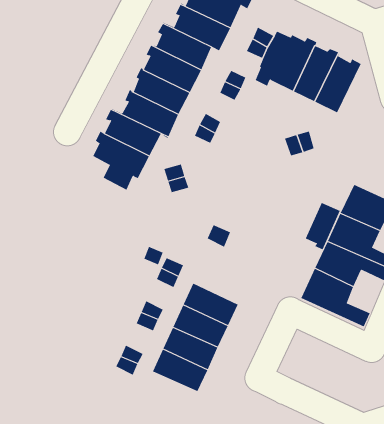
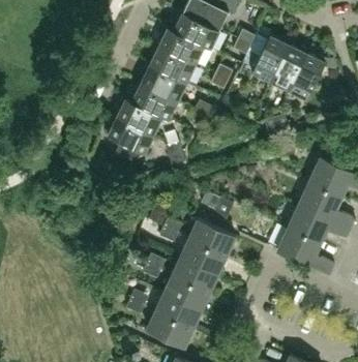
building: [305,202,340,250] -> none
building: none -> [189,219,236,257]
building: none -> [148,311,193,346]

